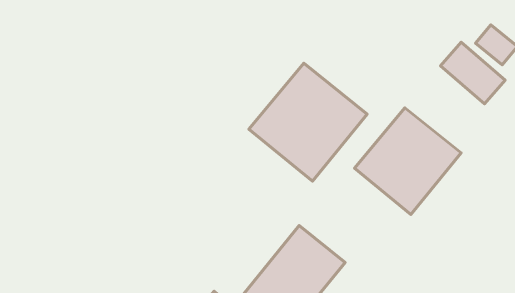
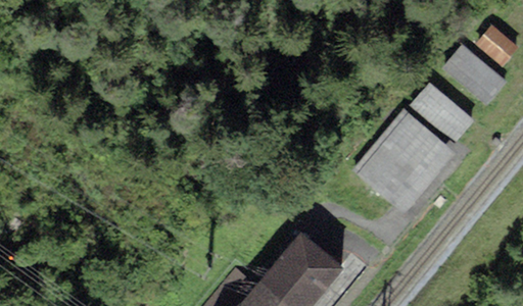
building: [249,63,367,181] -> none
building: none -> [410,83,475,144]

